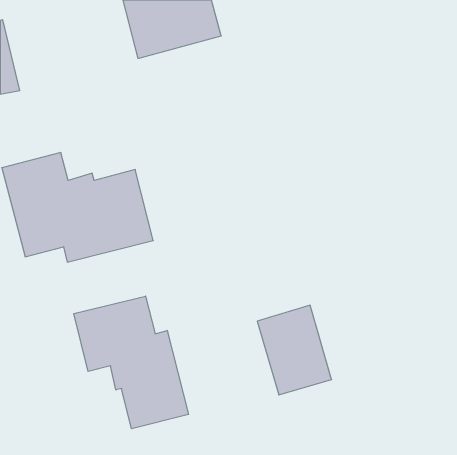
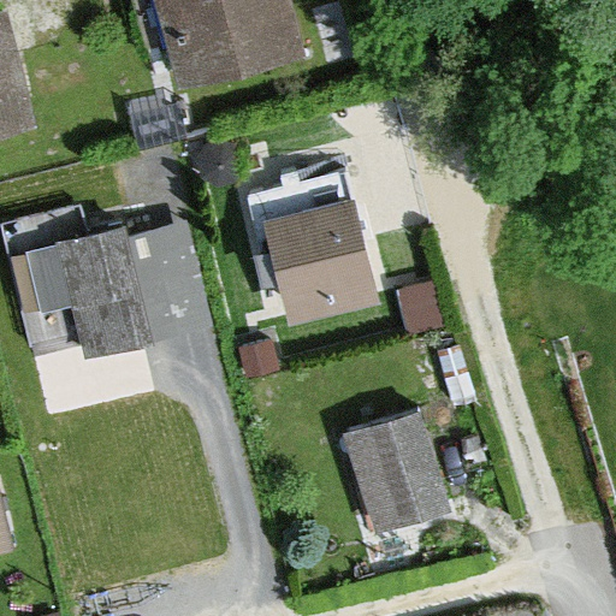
building: none -> [256,186,367,301]
building: [74,296,189,429] -> none

